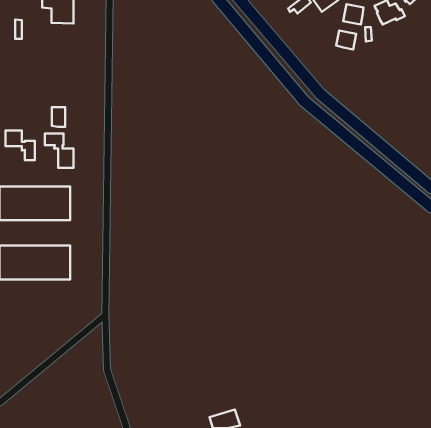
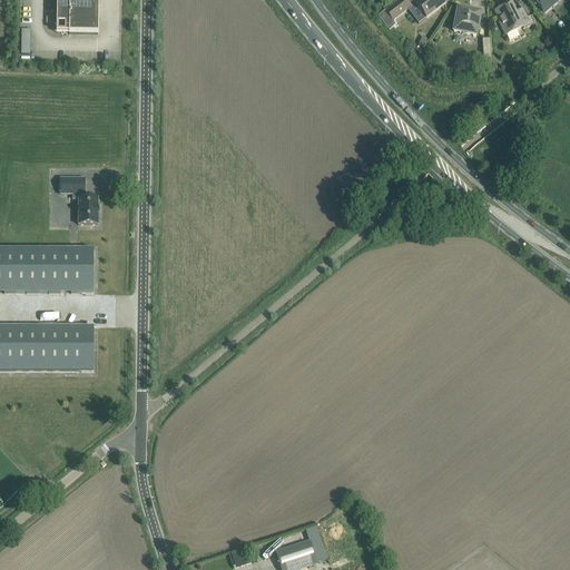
building: [336,30,356,49] -> none
building: [52,107,65,127] -> none
building: [5,130,35,160] -> none

